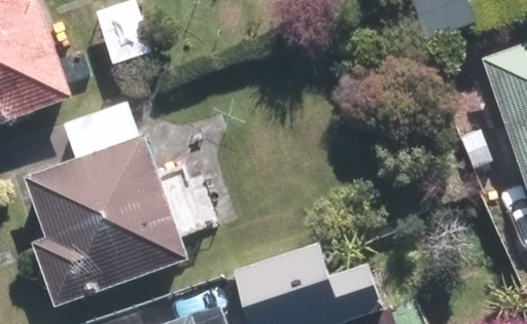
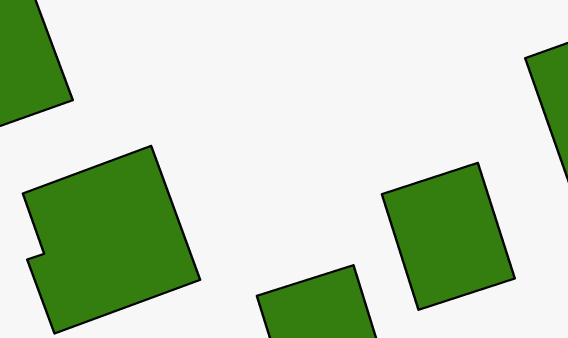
building: none -> [382,163,515,310]

